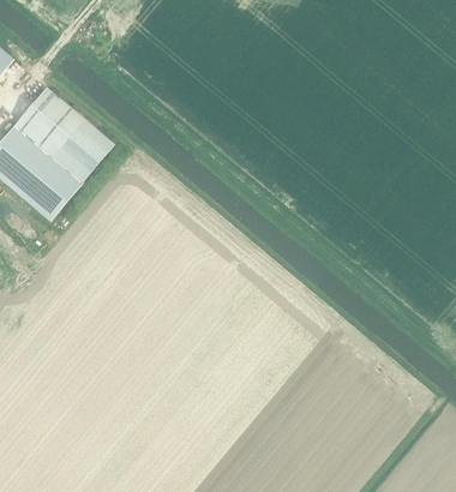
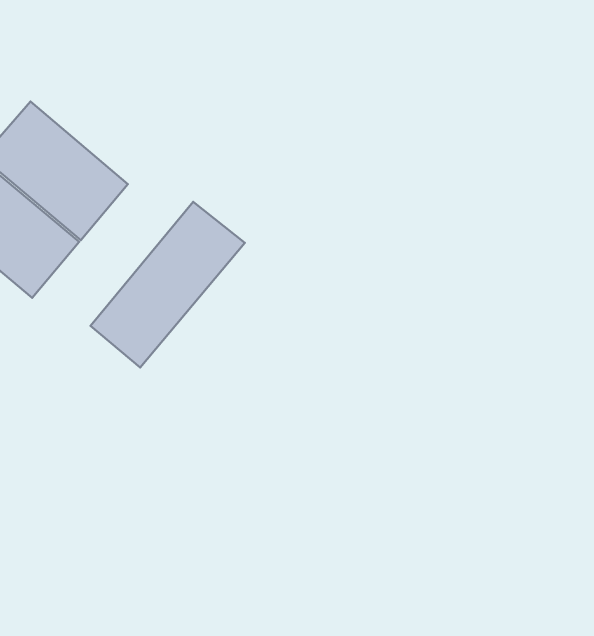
building: none -> [91,202,245,367]

